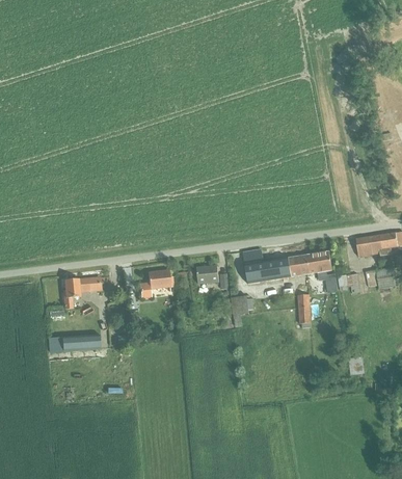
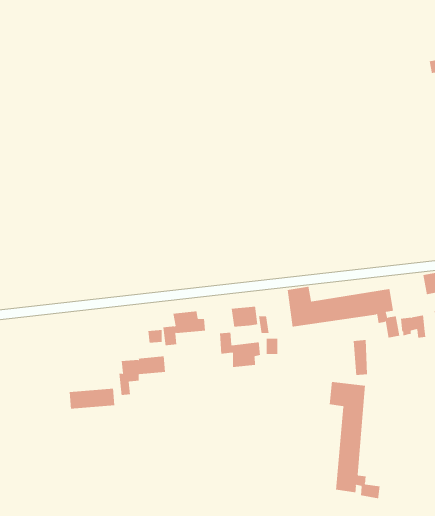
building: [62,275,102,309] -> [118,356,166,396]
building: none -> [219,332,261,368]
building: none -> [329,381,380,499]

